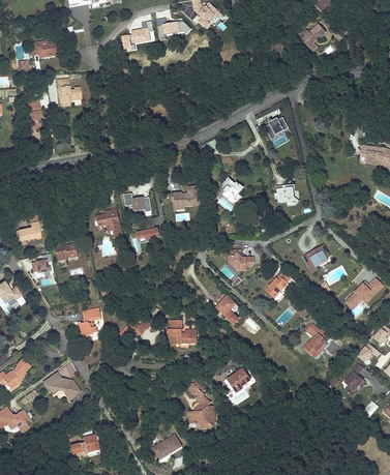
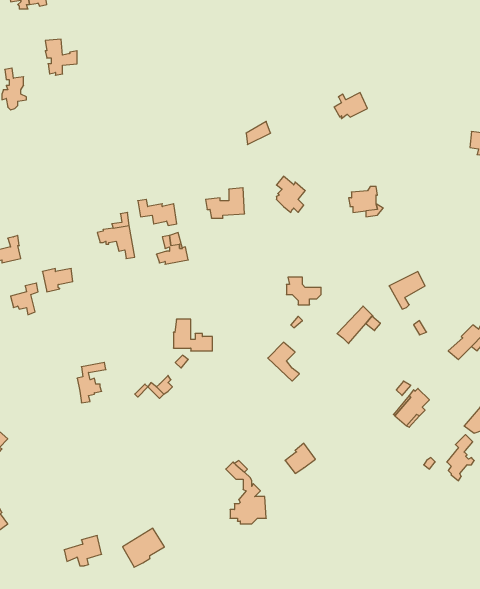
building: [168,320,196,343] -> [173,319,212,351]
building: [44,370,81,399] -> none
building: [151,435,181,463] -> [123,528,164,567]

